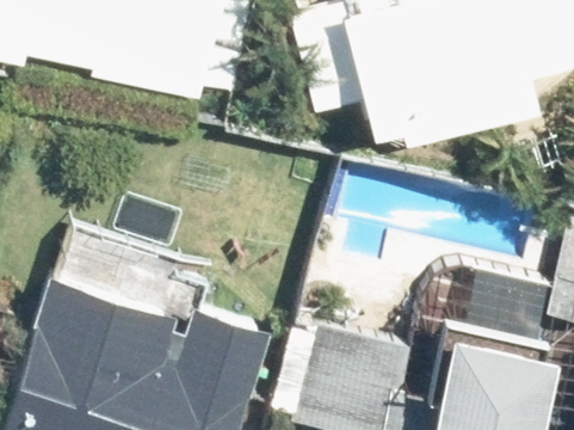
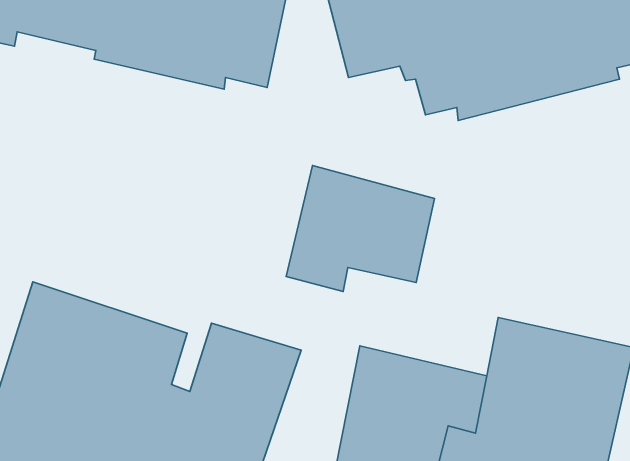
building: none -> [286,165,434,292]

